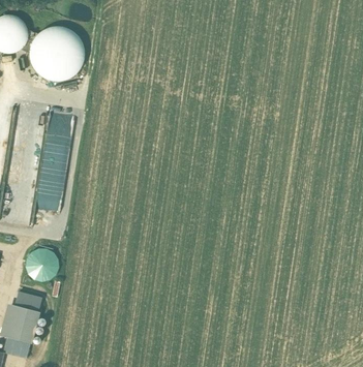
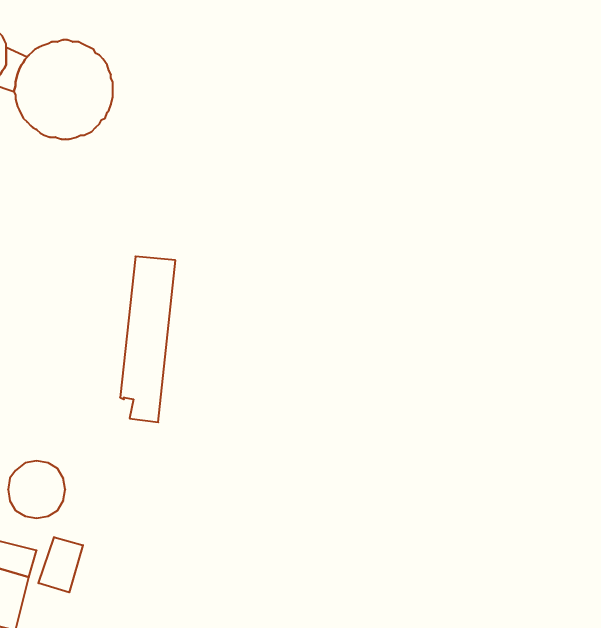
building: [39,110,69,200] -> [120,256,175,422]
building: none -> [38,537,83,592]

